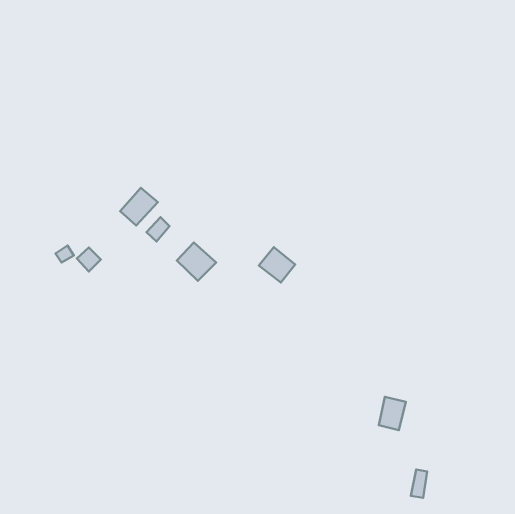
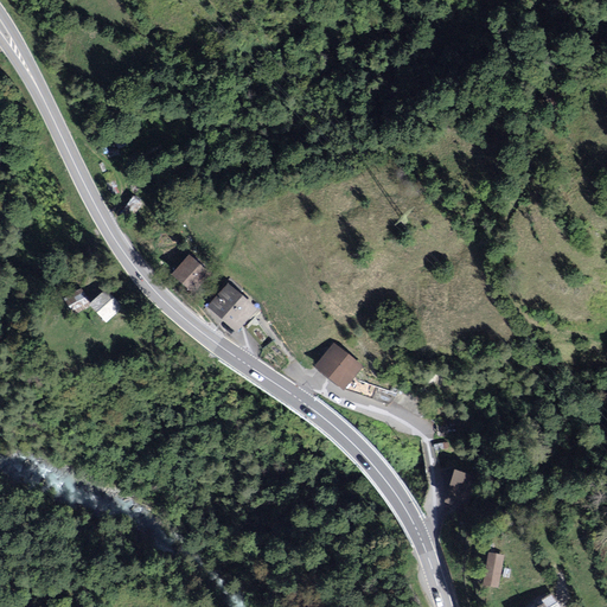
building: [120,188,158,226] -> none
building: [259,247,295,283] -> [315,344,358,385]

